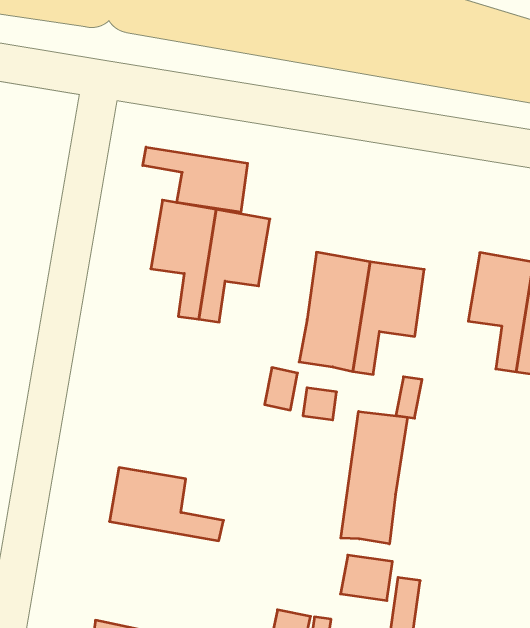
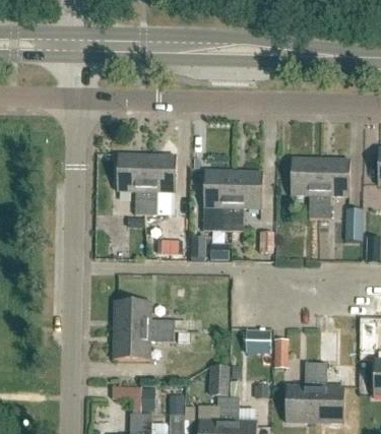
building: [143,147,248,212] -> none
building: [341,411,407,544] -> none
building: none -> [113,329,174,360]

